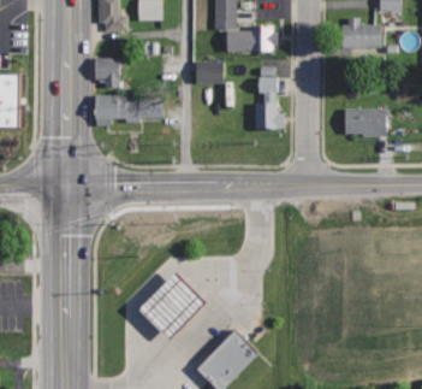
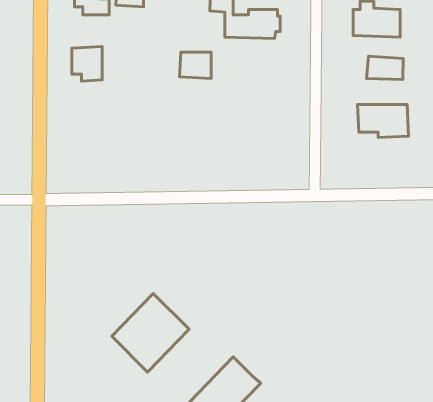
building: none -> [366,56,403,80]
building: [256,77,285,126] -> none
building: [95,94,164,125] -> none

